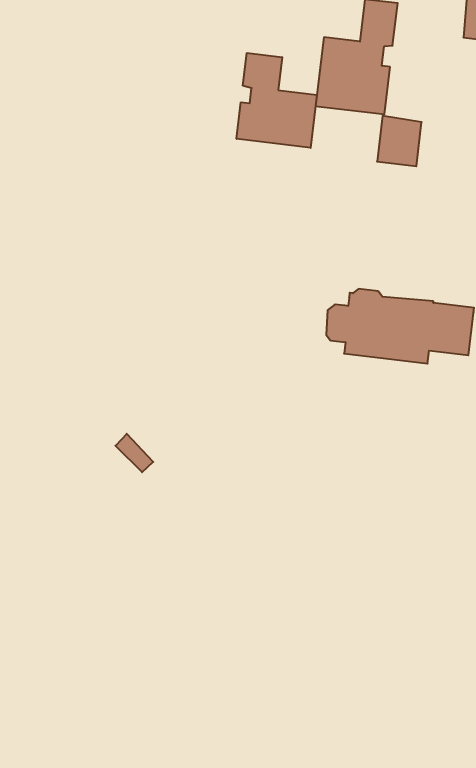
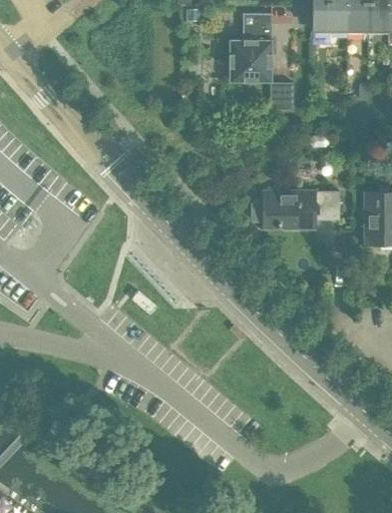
building: [237,53,317,148] -> none

